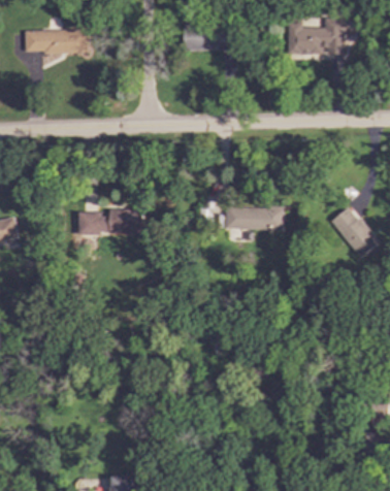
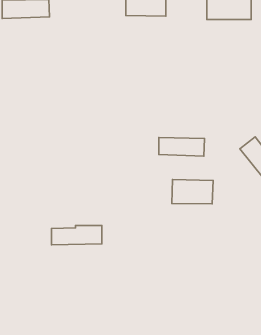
building: [77,208,142,233] -> [51,225,102,245]
building: none -> [172,179,213,204]

